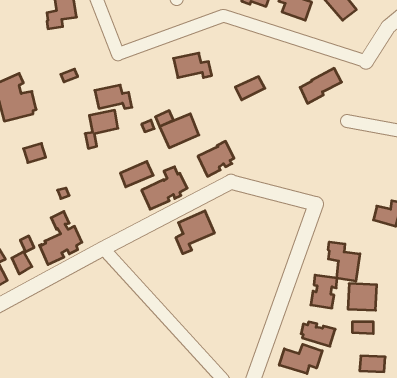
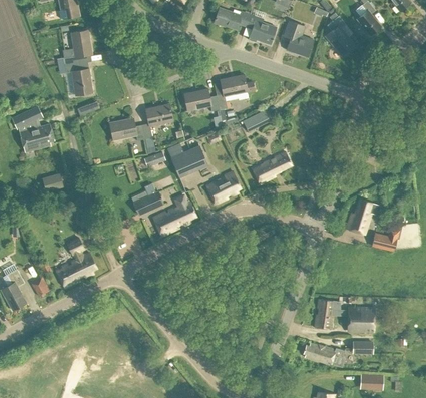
building: none -> [65,63,92,95]
building: none -> [217,74,255,109]
building: [300,68,342,103] -> [253,151,292,184]
building: [85,110,118,148] -> [141,103,172,139]
building: none -> [346,197,377,234]
building: [176,211,214,254] -> none
building: [328,242,360,281] -> none
building: [279,344,322,374] -> none

